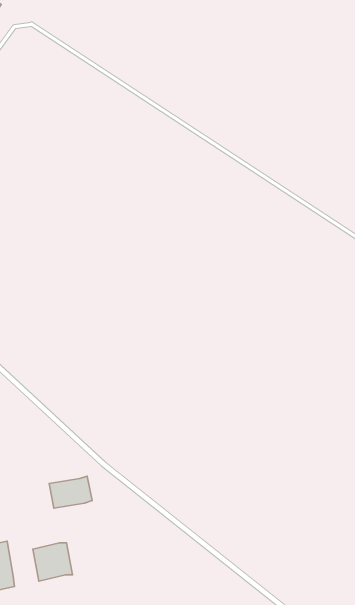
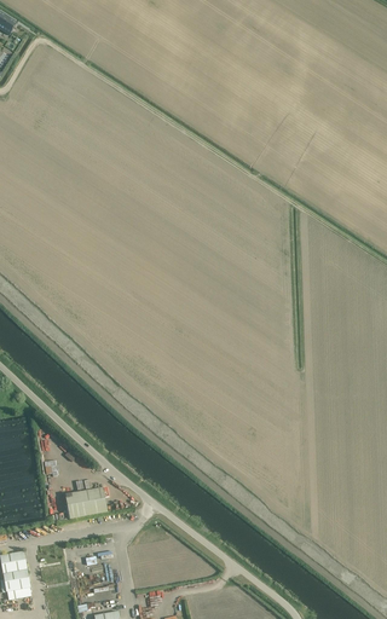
building: [33,543,72,581] -> none

